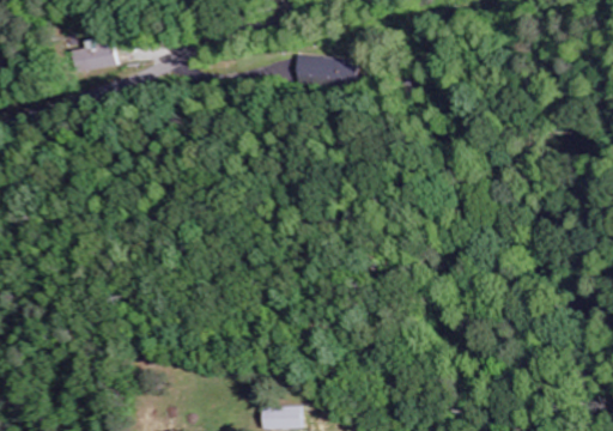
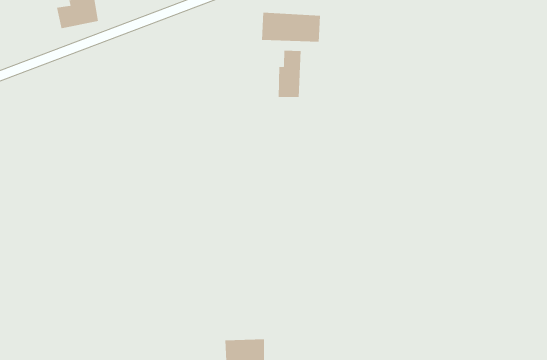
building: none -> [278,50,301,98]

